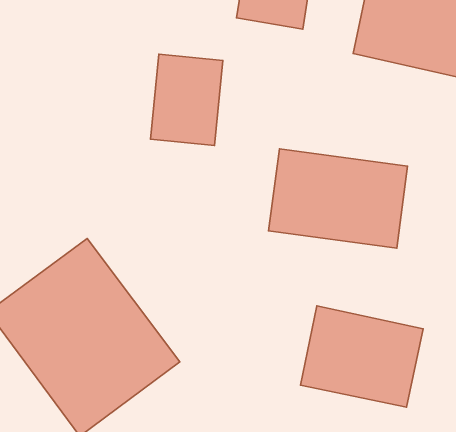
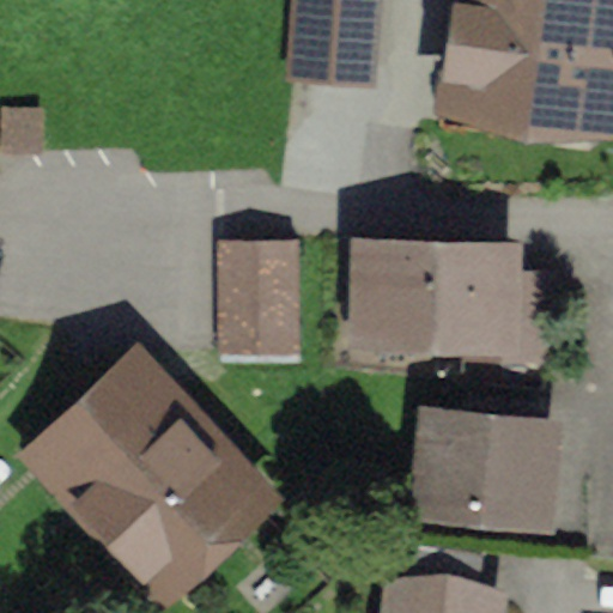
building: [151,54,223,146] -> [220,242,299,347]

